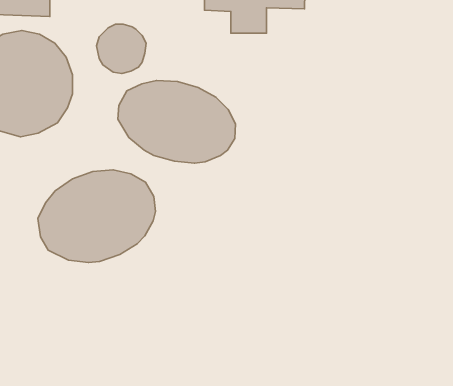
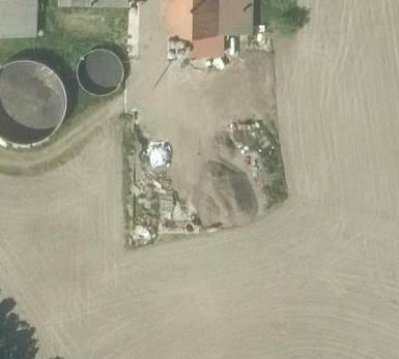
building: [118,81,236,163] -> none
building: [38,170,155,262] -> none

